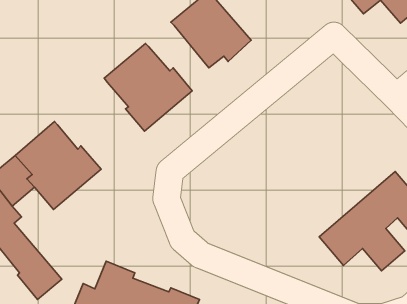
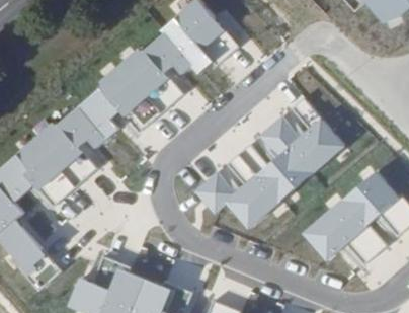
building: none -> [143,29,194,73]
building: none -> [56,84,124,148]
building: none -> [195,96,346,226]

